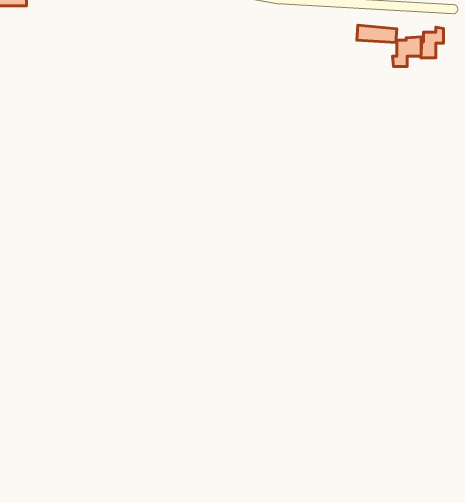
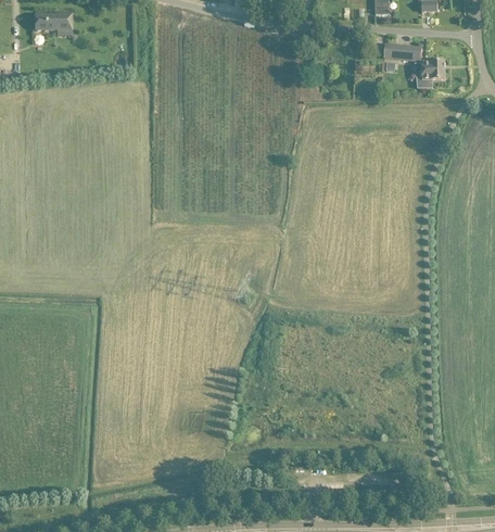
building: [421,27,444,58] -> none

